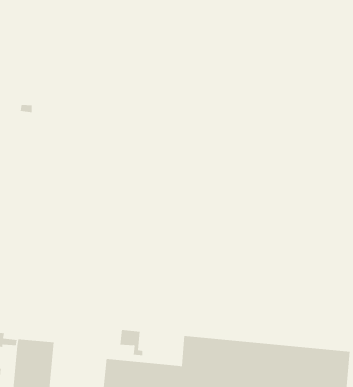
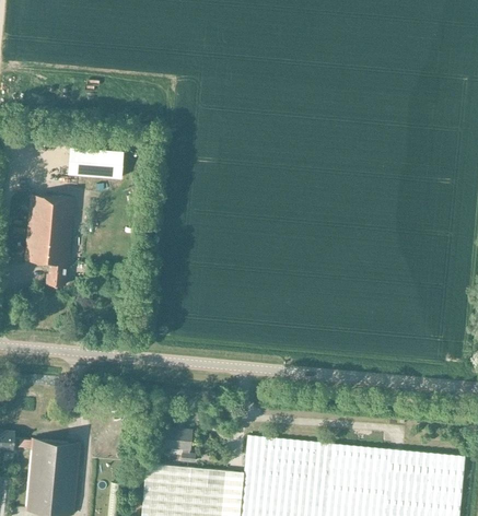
building: none -> [68,149,124,179]
building: none -> [25,196,74,286]

